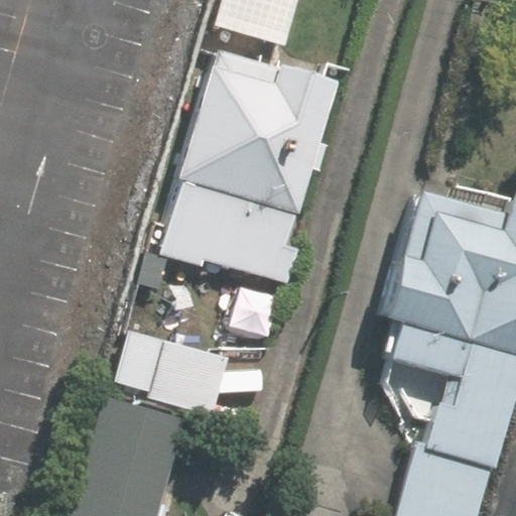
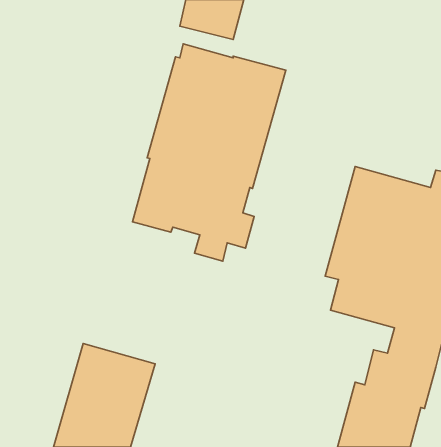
building: [113,331,228,416] -> none

